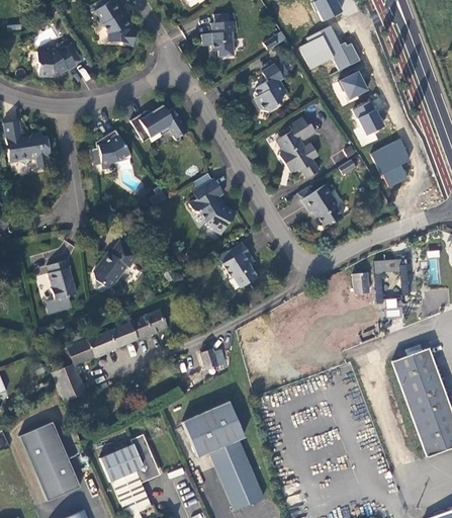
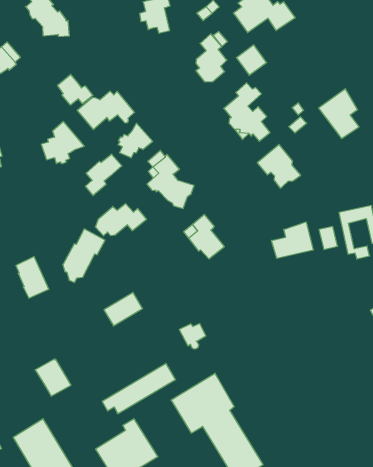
building: [338,70,367,99] -> [236,45,267,75]
building: none -> [58,74,93,105]
building: [353,100,383,135] -> none
building: none -> [118,123,153,158]
building: none -> [85,154,122,196]
building: none -> [95,204,146,236]
building: none -> [272,222,313,258]
building: [60,322,135,364] -> [102,364,176,414]

